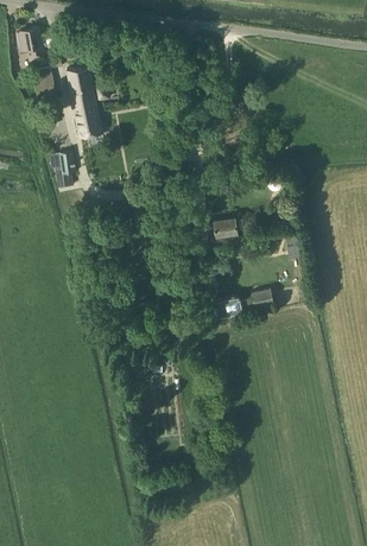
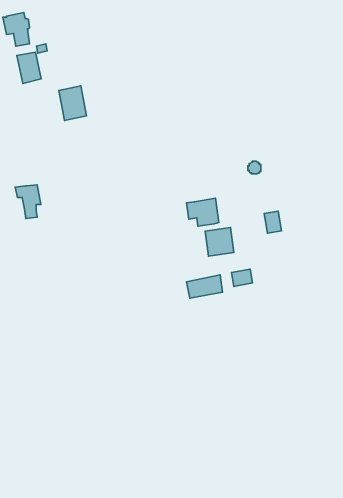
building: [67,64,109,106] -> none
building: [49,152,75,186] -> [15,185,41,218]
building: none -> [205,227,234,256]

